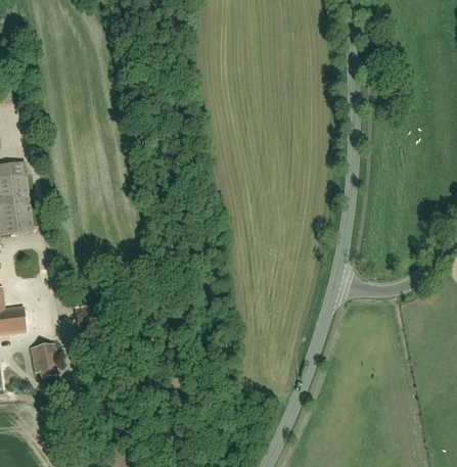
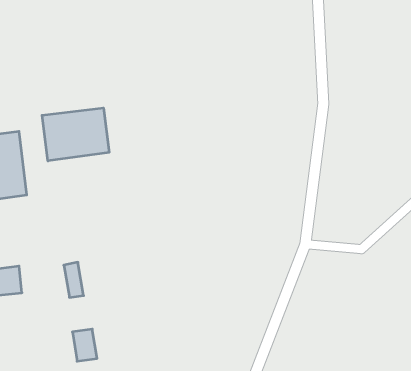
building: none -> [42,108,109,161]
building: [32,342,58,377] -> [72,329,97,361]

